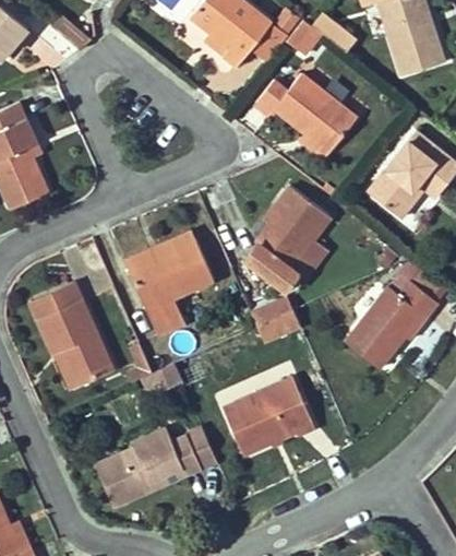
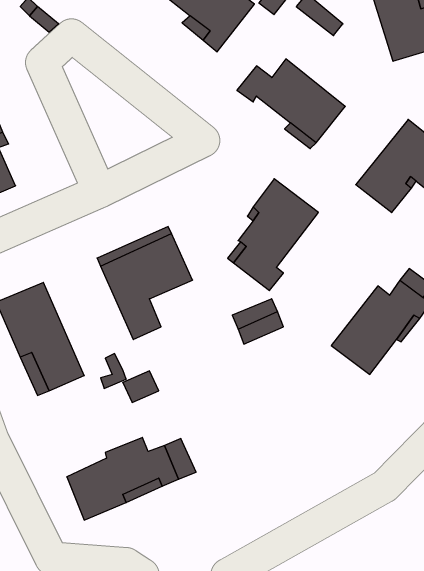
building: [223,379,312,453] -> none

